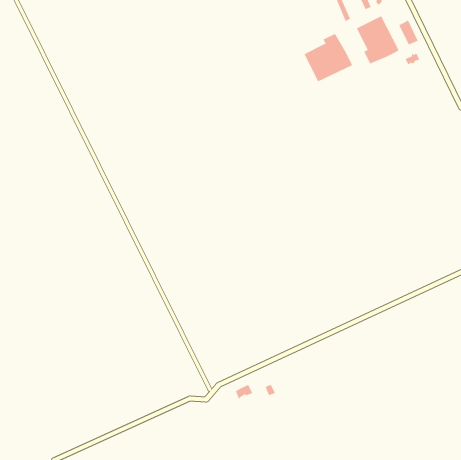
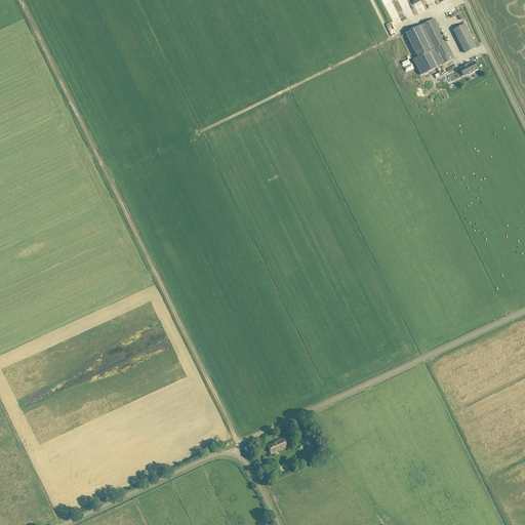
building: [304,33,353,82] -> none

